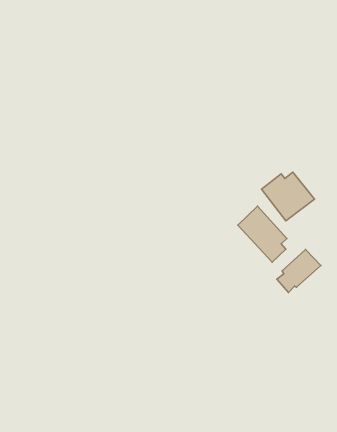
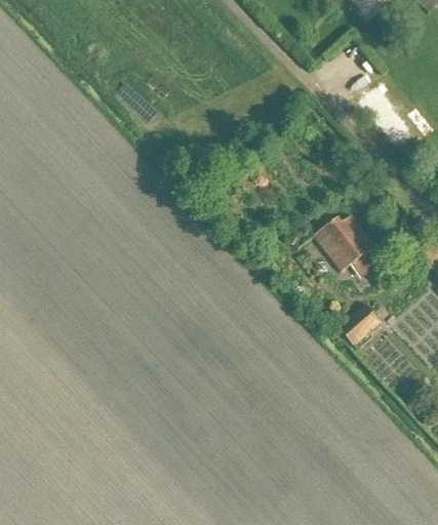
building: [238,206,287,262] -> none

